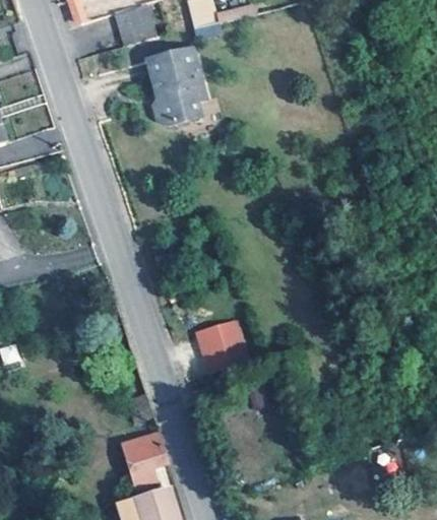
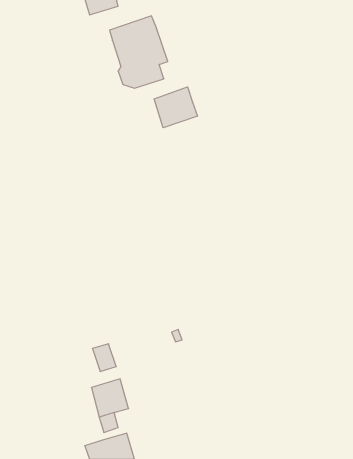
building: none -> [154,87,197,128]
building: [196,319,247,372] -> none

